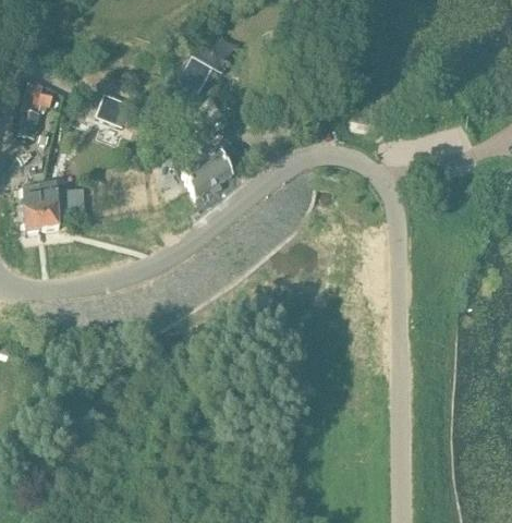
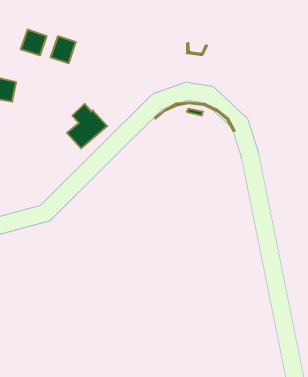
building: none -> [21,29,46,55]

